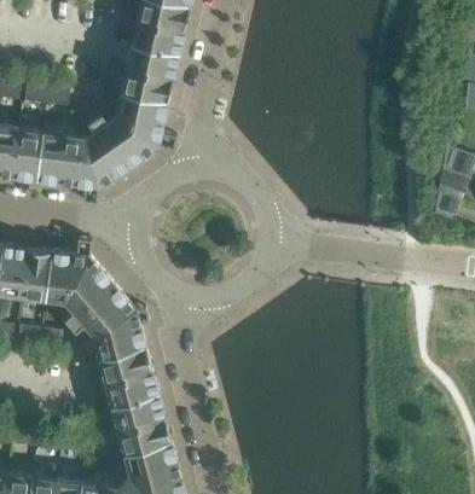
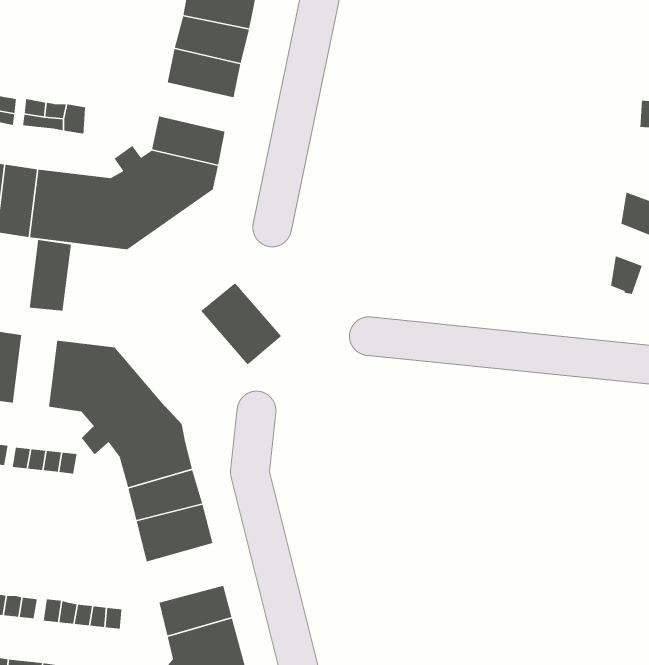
building: [118,71,172,105] -> none
building: none -> [200,282,282,365]
building: [17,248,47,298] -> [29,239,72,311]
building: [110,394,164,435] -> none

